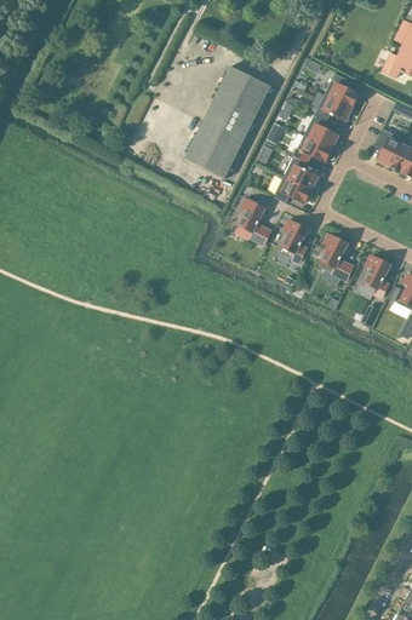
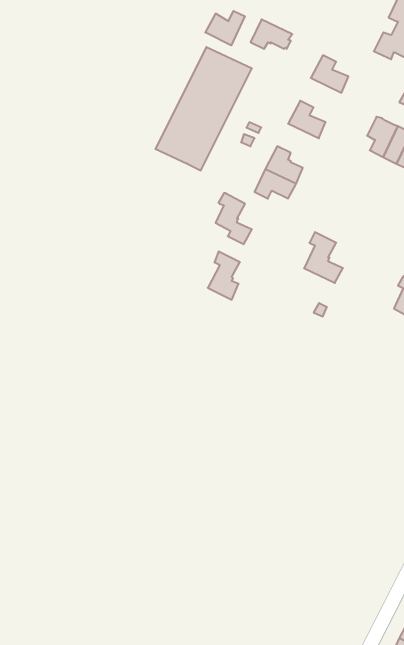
building: none -> [205,11,245,45]
building: [314,94,351,121] -> [251,19,292,49]
building: [293,136,331,162] -> none
building: [277,219,307,263] -> [208,252,240,300]
building: [360,254,389,298] -> none

